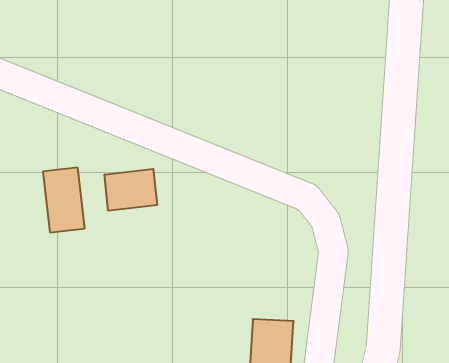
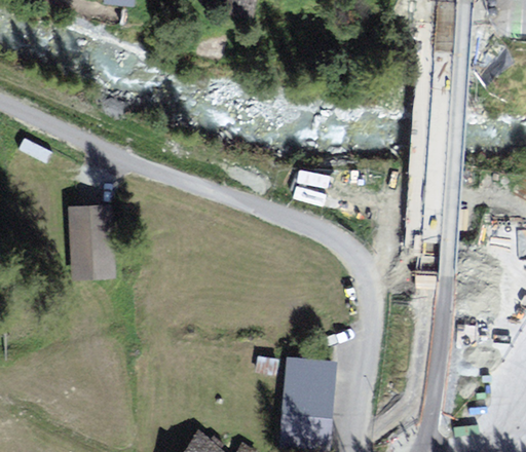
building: [105,169,157,211] -> none

